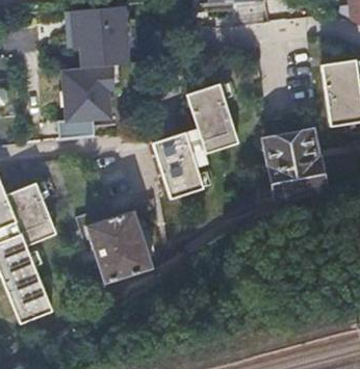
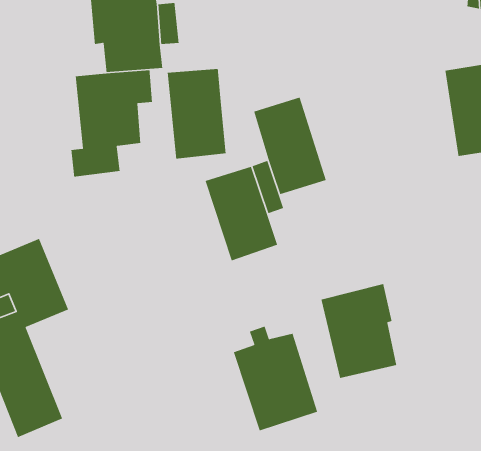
building: none -> [167,68,226,159]
building: [267,130,322,197] -> [320,283,397,379]
building: [85,209,146,284] -> [233,325,318,431]

